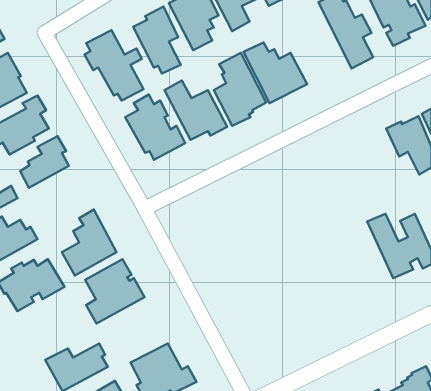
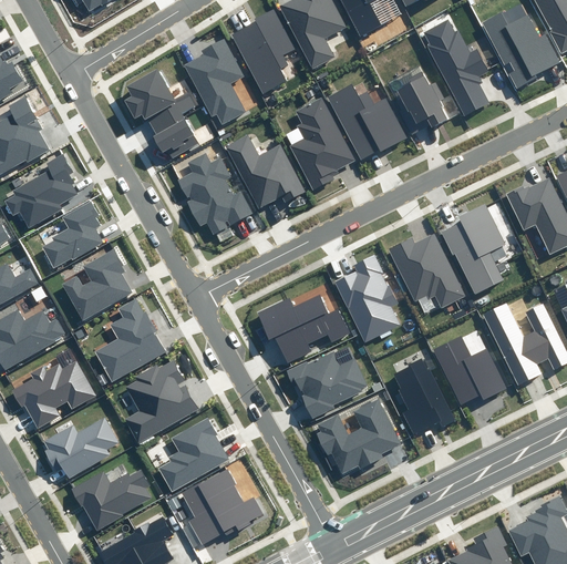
building: none -> [396,69,446,129]
building: none -> [441,203,506,298]
building: none -> [388,233,465,306]
building: none -> [60,249,133,321]
building: none -> [336,256,401,343]
building: none -> [258,295,350,366]
building: none -> [432,336,506,406]
building: none -> [289,351,368,419]
building: none -> [391,358,453,437]
building: none -> [315,398,399,473]
building: none -> [44,419,118,480]
building: none -> [159,419,229,490]

